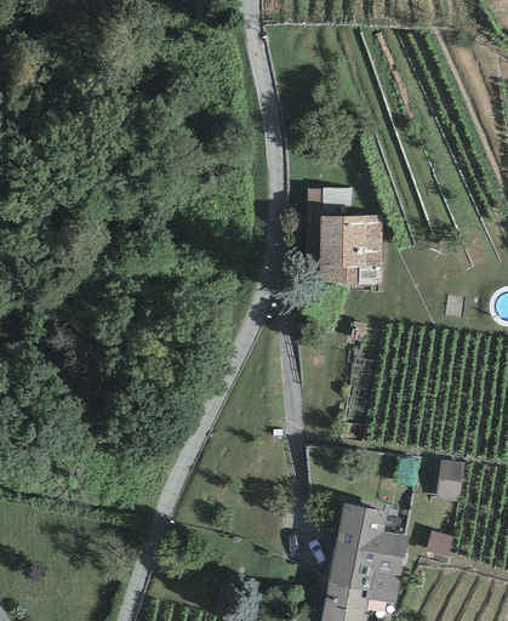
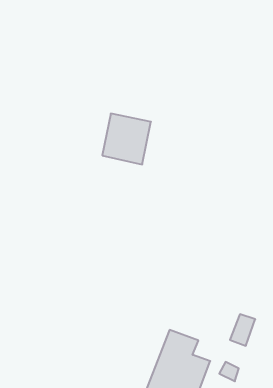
building: [318,220,379,285] -> [102,114,151,164]

